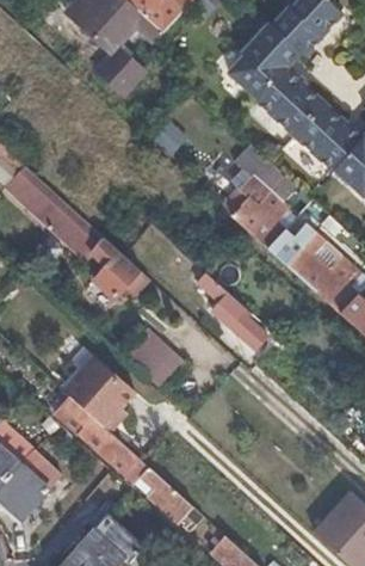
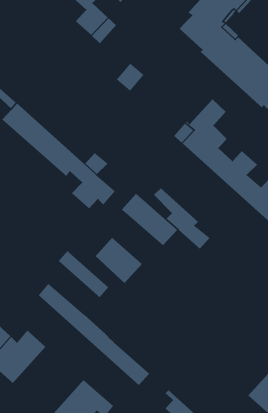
building: [57,364,129,431] -> [121,193,178,246]

